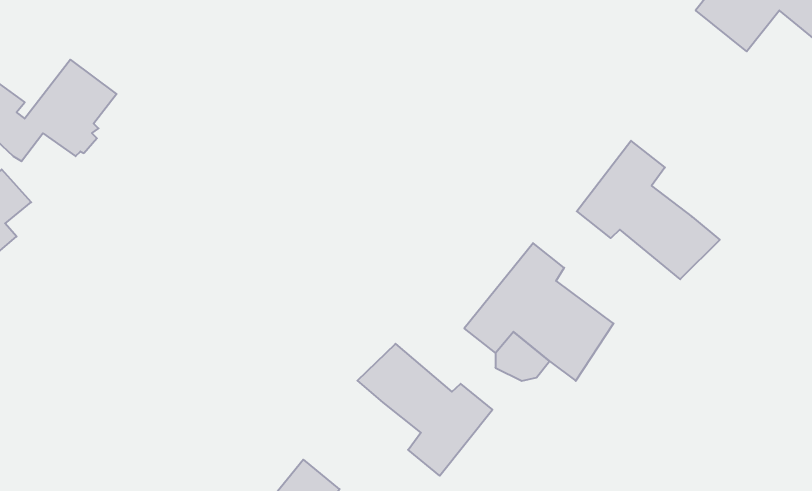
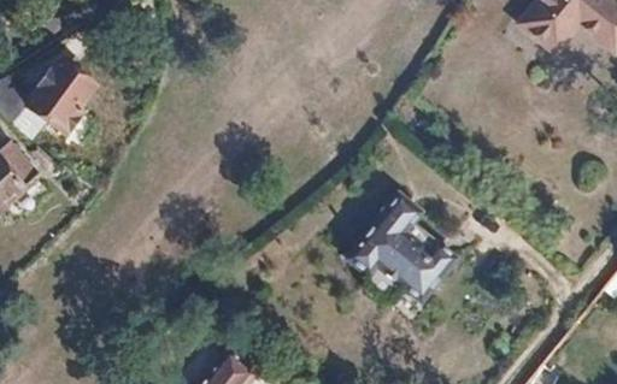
building: [577,141,720,279] -> none
building: [357,344,492,476] -> none

